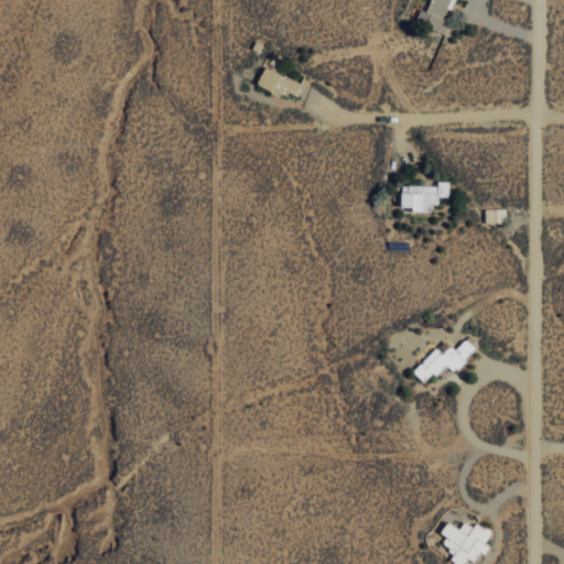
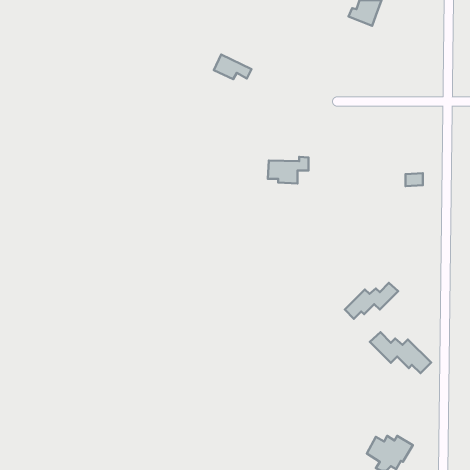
building: [401,181,449,213] -> [268,157,308,183]
building: none -> [370,332,431,373]

